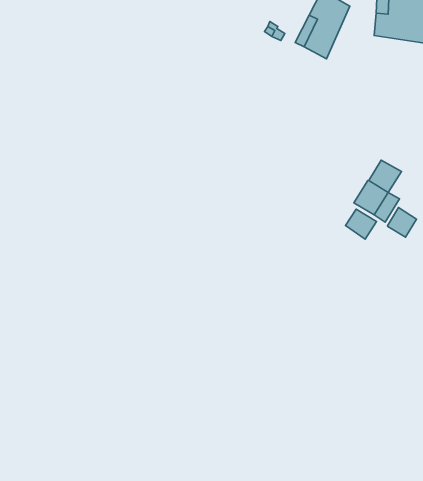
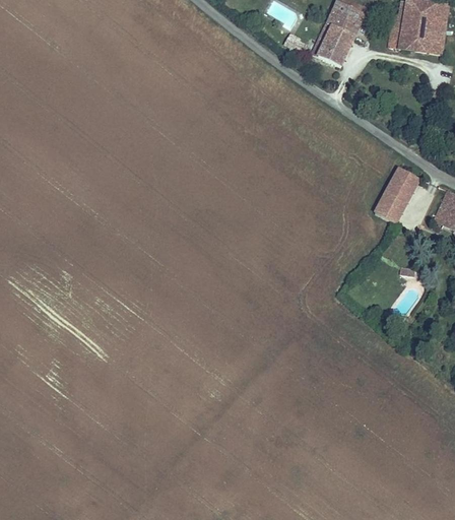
building: [388,208,416,237] -> none
building: [345,209,376,239] -> none

